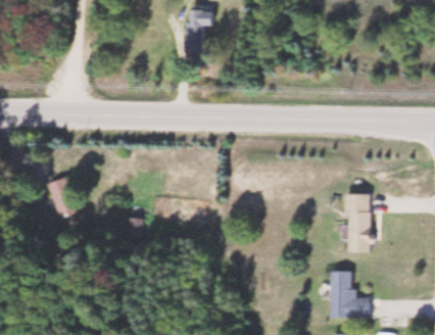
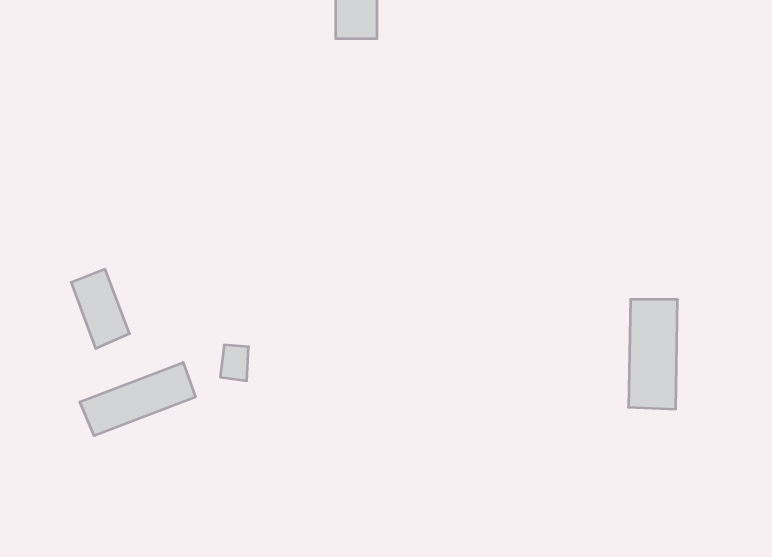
building: none -> [80,362,195,436]
building: [329,271,369,317] -> none

